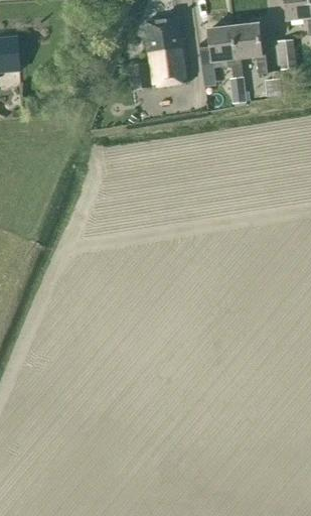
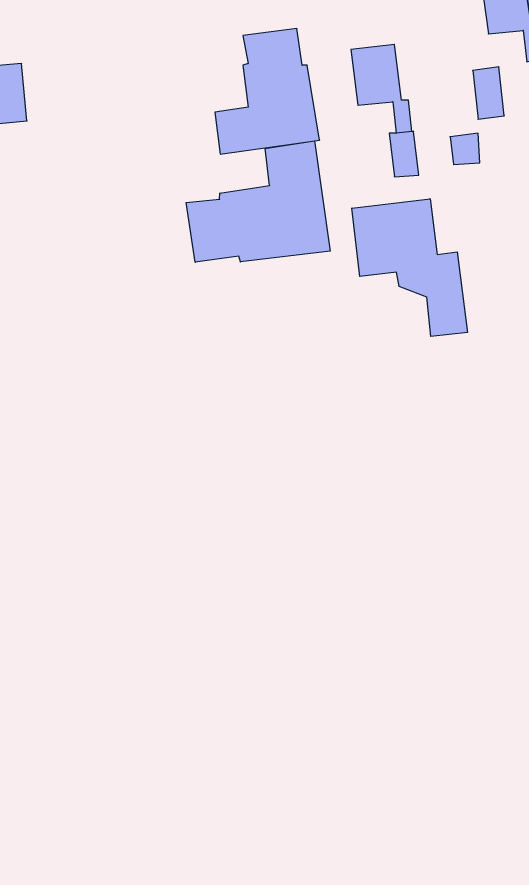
building: [231,23,267,75] -> none
building: none -> [186,141,330,262]
building: none -> [352,199,467,336]

